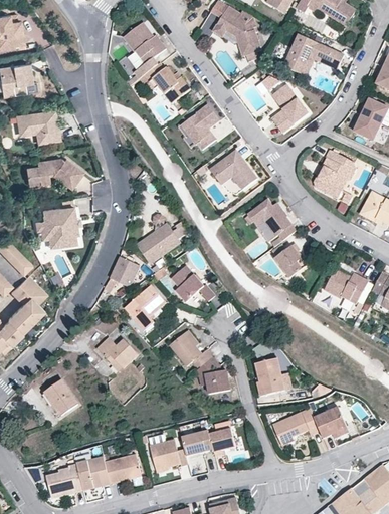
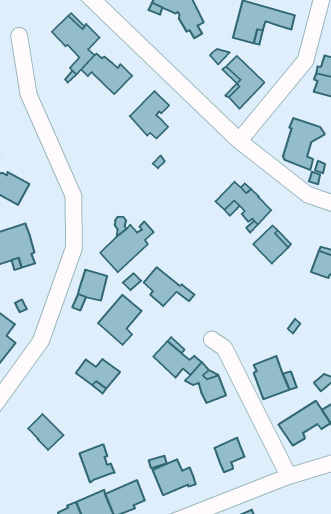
building: [210,149,257,189] -> none
building: none -> [80,444,114,482]
building: [183,433,214,458] -> none

